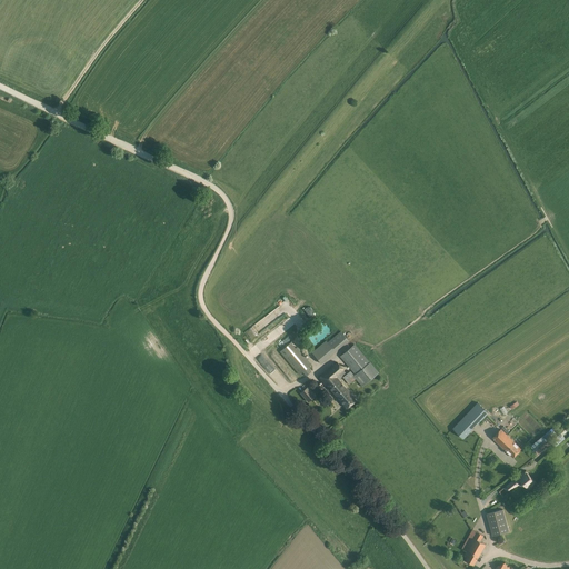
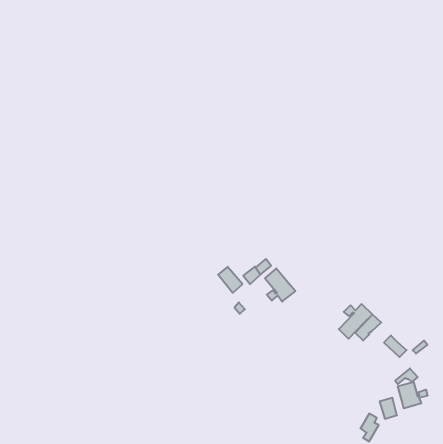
building: [318,362,355,408] -> none
building: none -> [339,304,373,339]
building: none -> [398,382,427,408]

